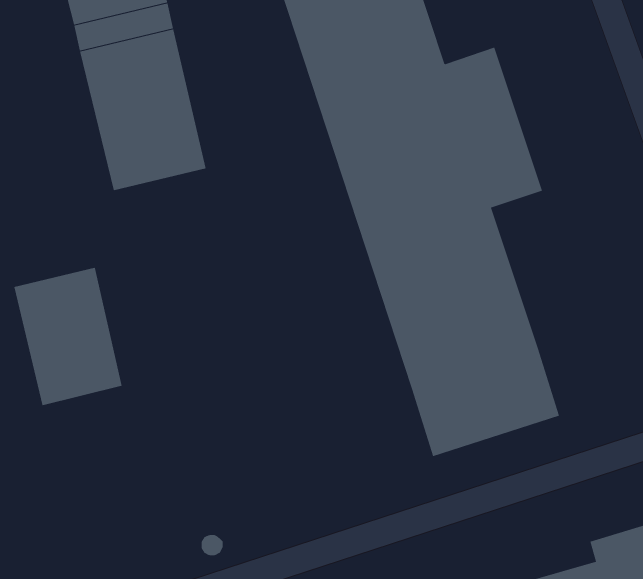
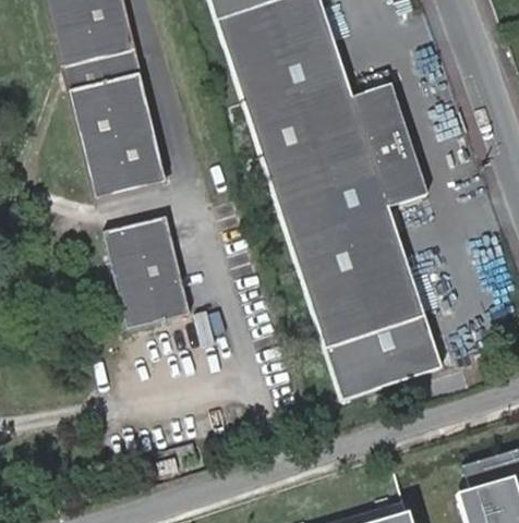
building: [14,267,122,406] -> [106,219,190,326]

